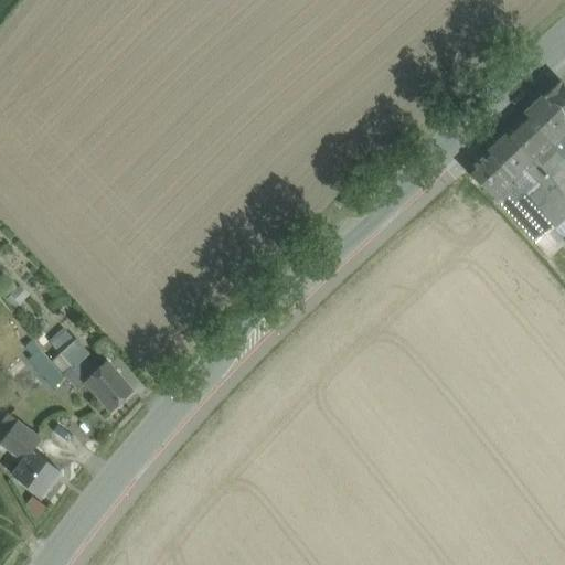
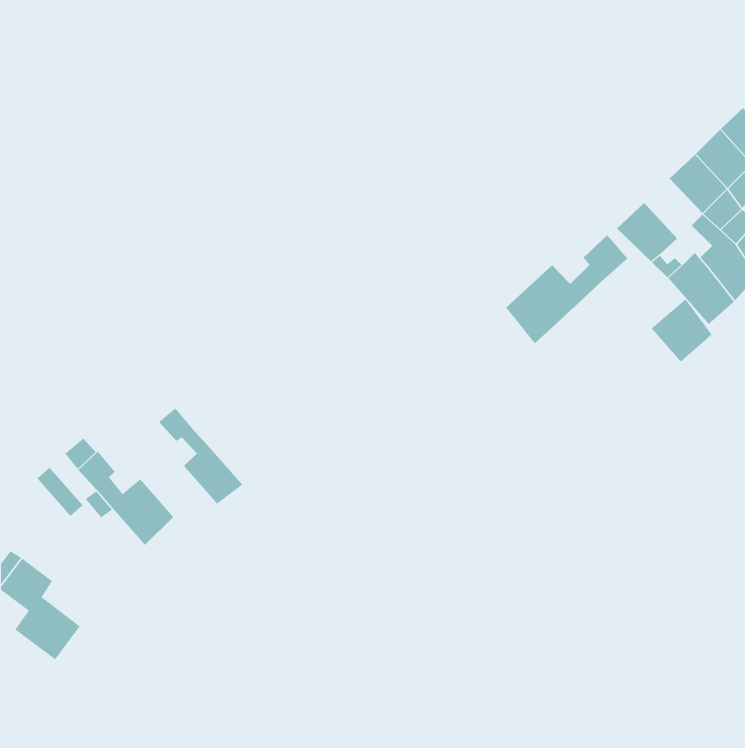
building: [488,135,532,180] -> none
building: none -> [505,234,628,344]
building: none -> [651,299,712,363]
building: none -> [158,408,243,504]

